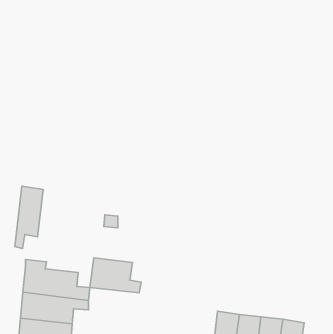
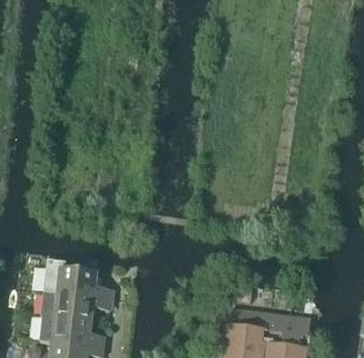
building: [15,186,43,249] -> none
building: [90,258,141,293] -> none

